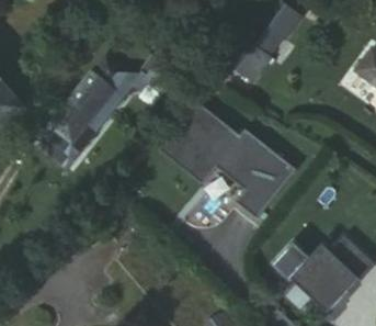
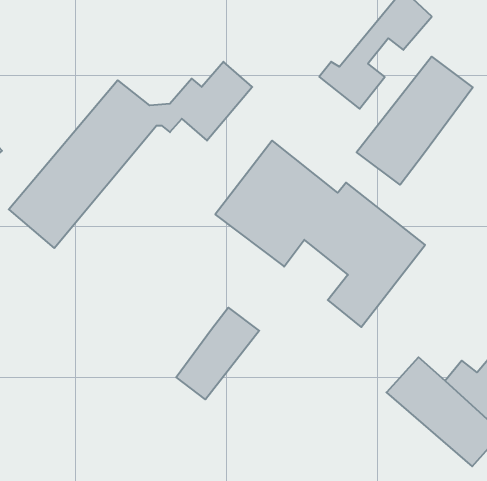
building: none -> [357,57,473,185]
building: none -> [176,308,259,399]

